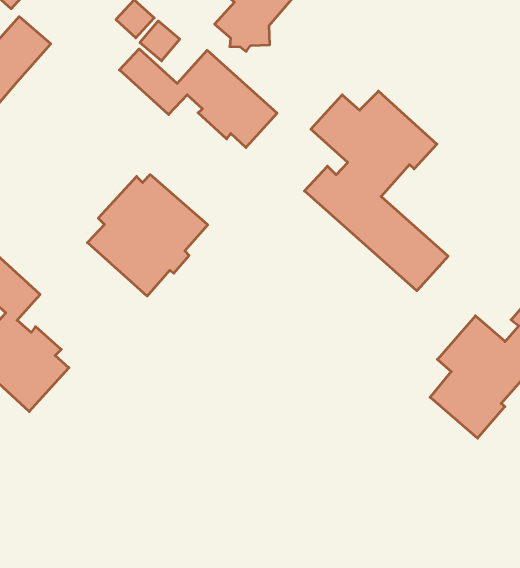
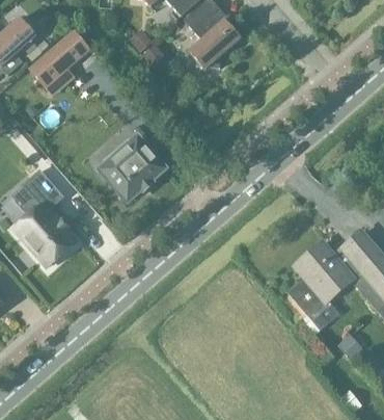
building: [119,49,277,148] -> none
building: [304,91,448,291] -> none

